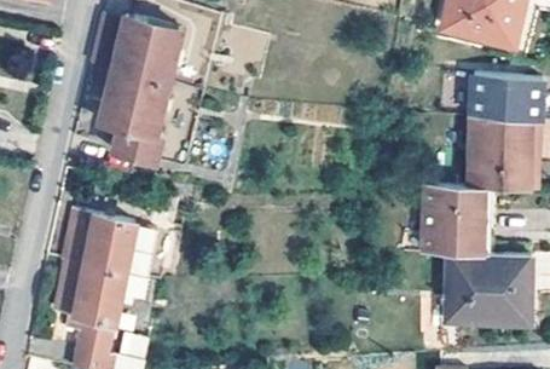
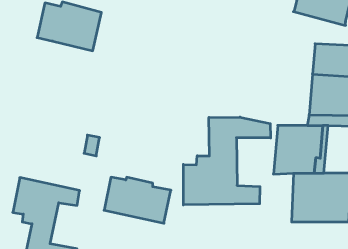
building: [100,70,168,162] -> none
building: none -> [183,117,271,205]
building: [66,214,160,278] -> [104,177,171,223]

